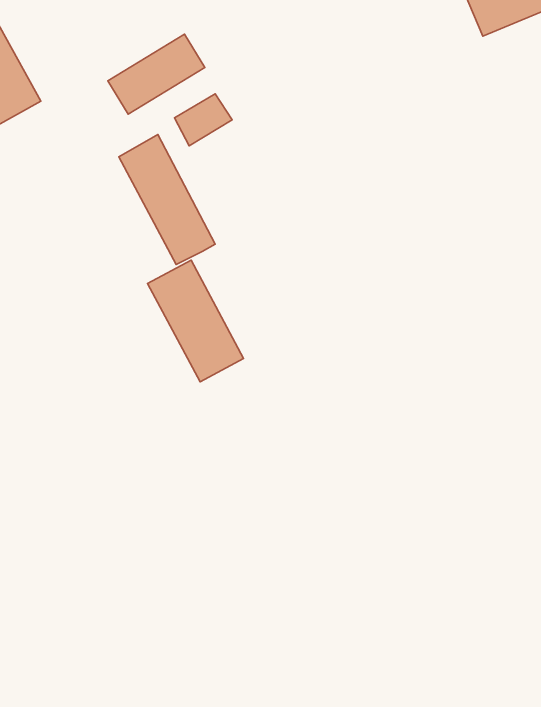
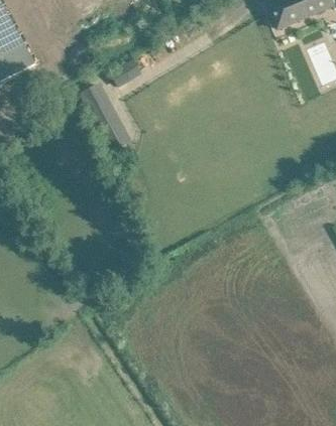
building: [108,34,205,114] -> none
building: [148,260,244,382] -> none

